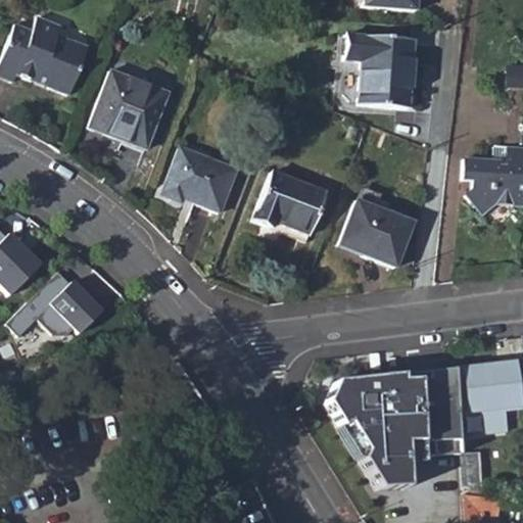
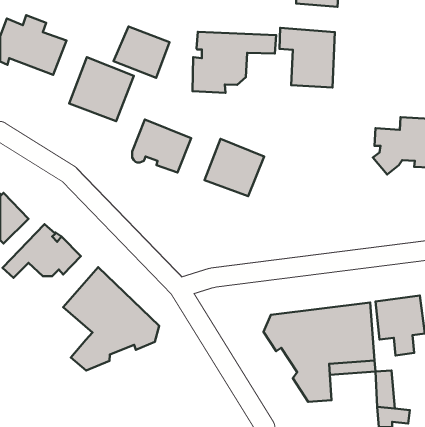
building: none -> [113,26,170,78]
building: none -> [192,32,276,93]
building: [339,199,414,267] -> none
building: none -> [63,267,159,370]

